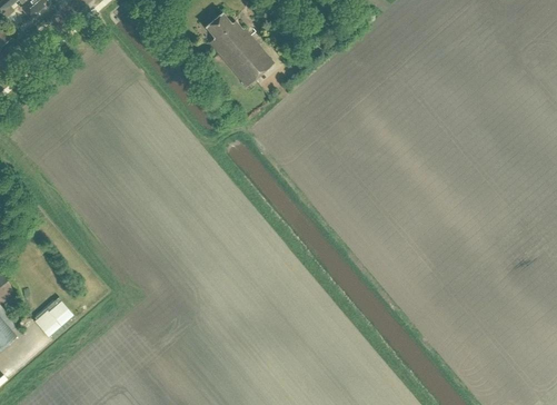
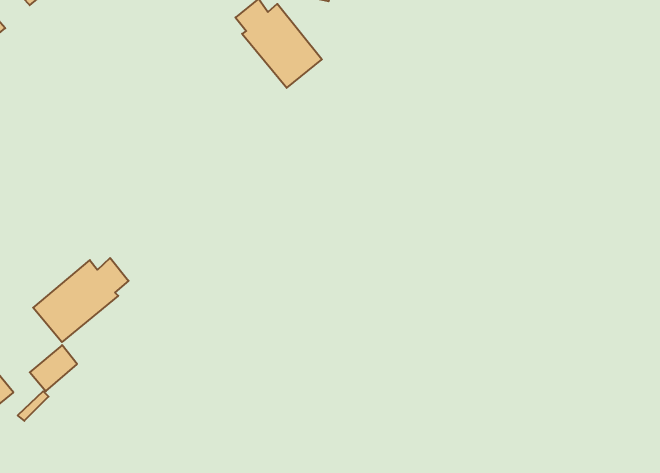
building: none -> [33,258,129,342]

